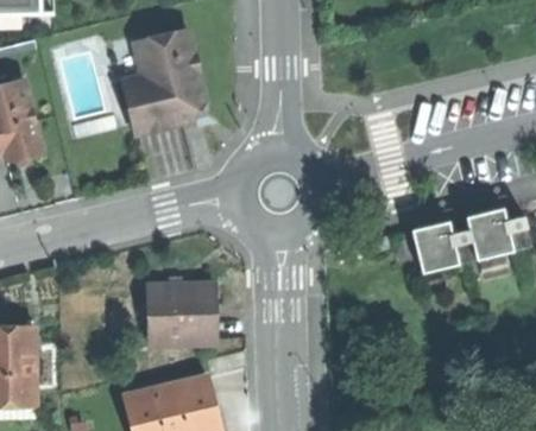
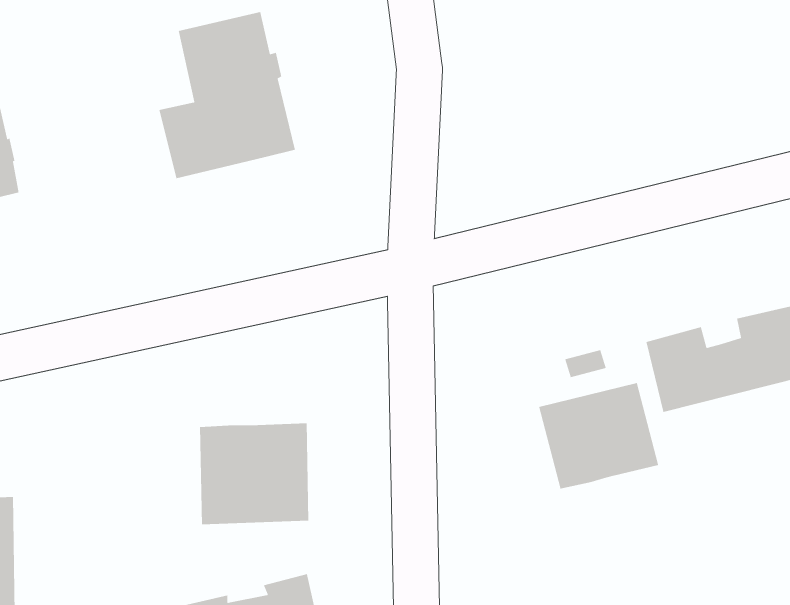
building: none -> [538,382,659,490]

